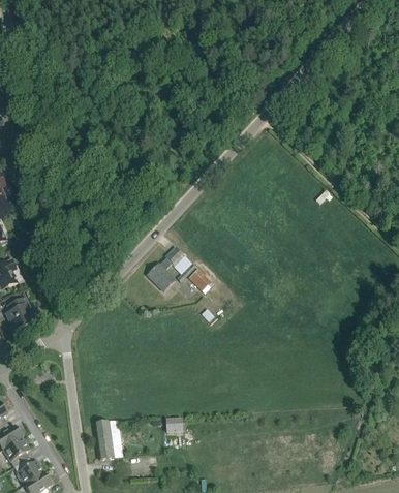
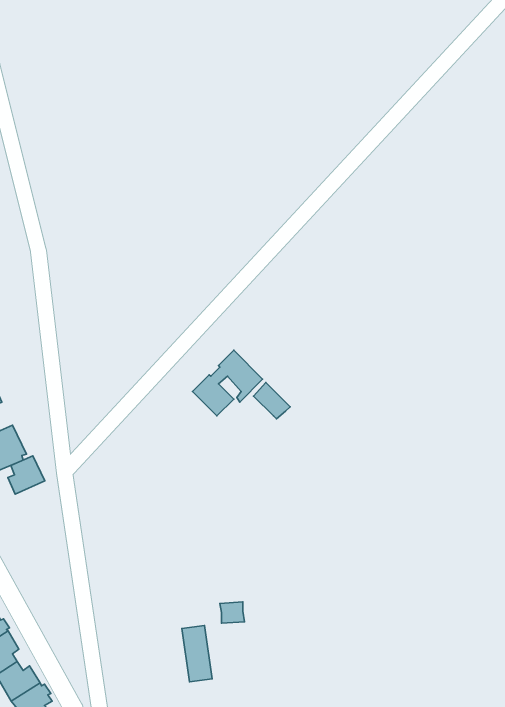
building: none -> [8,456,45,494]
building: [93,421,114,459] -> [182,625,212,682]

